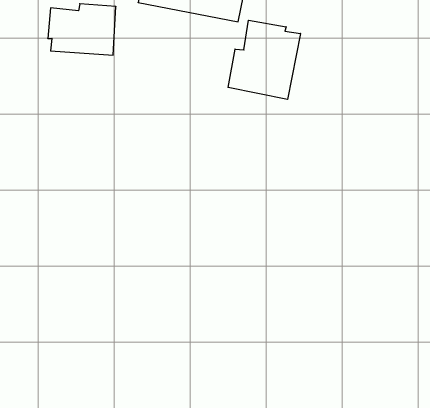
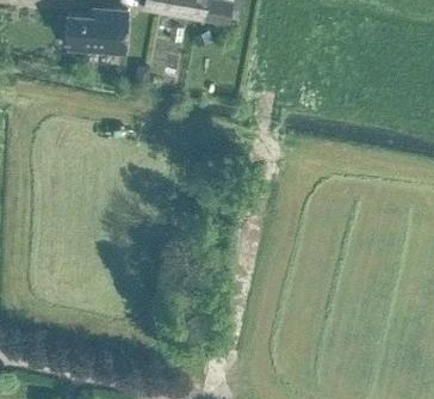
building: [228,20,300,99] -> none

